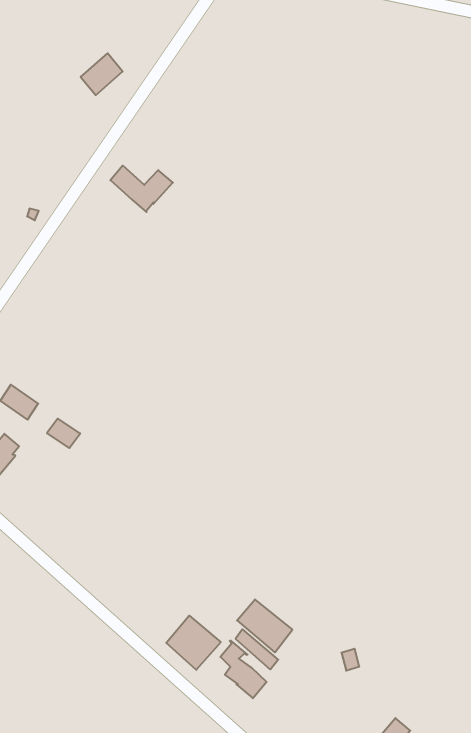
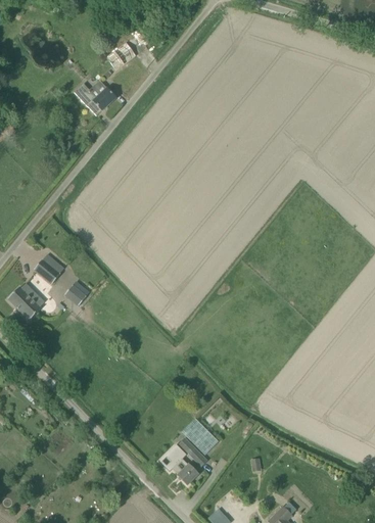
building: [110,166,173,212] -> [74,83,115,115]
building: [166,616,221,670] -> none

